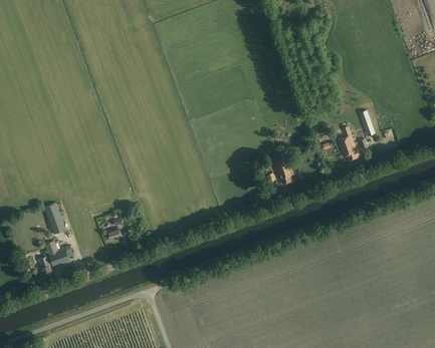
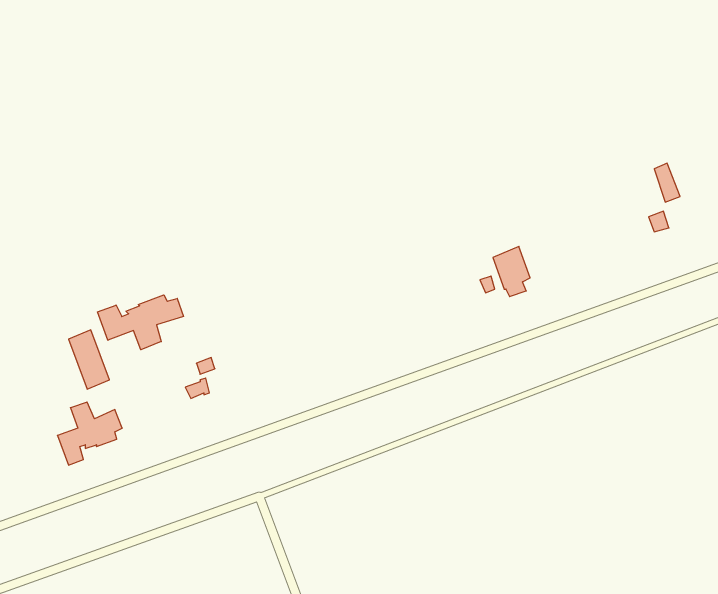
building: [338,126,358,159] -> none
building: none -> [97,295,183,350]

